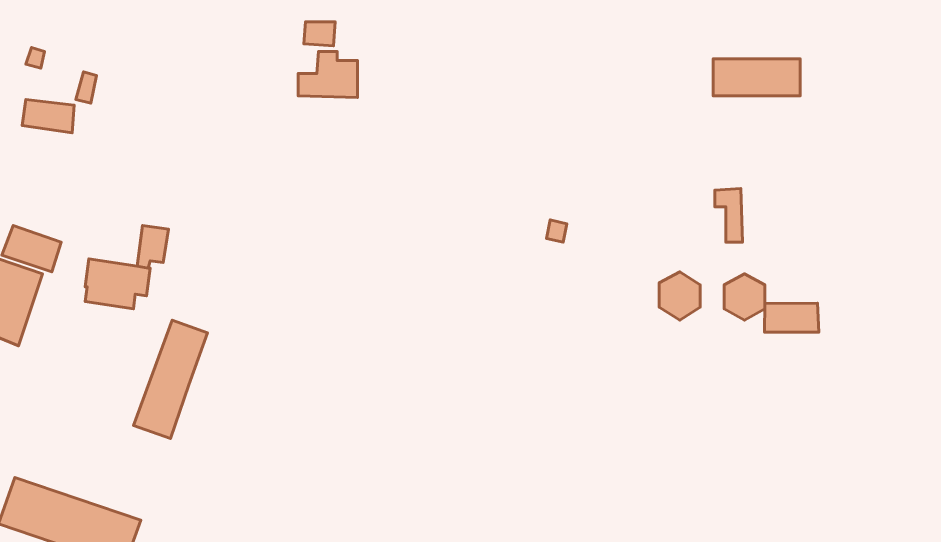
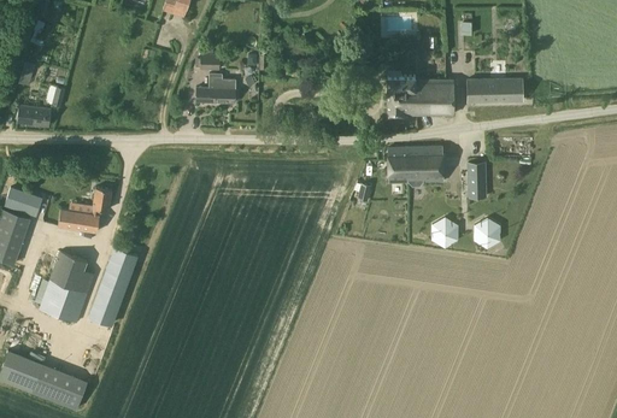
building: none -> [387,76,453,117]
building: none -> [388,146,443,187]
building: [764,303,819,332] -> none
building: none -> [39,251,95,323]

